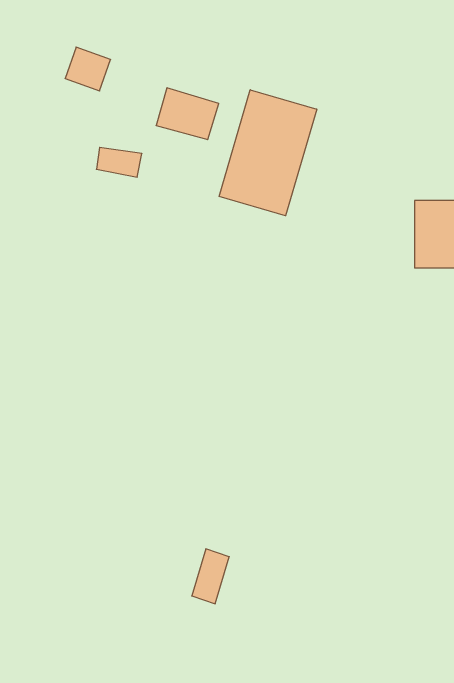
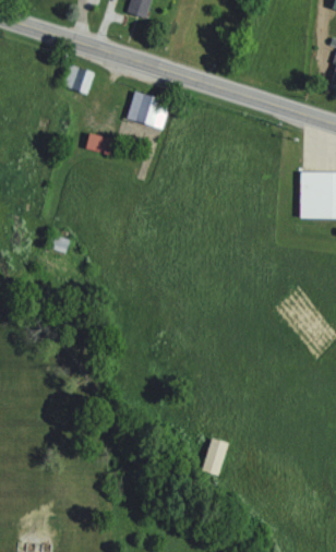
building: [219,90,317,216] -> none
building: [192,549,229,604] -> [200,436,226,475]

